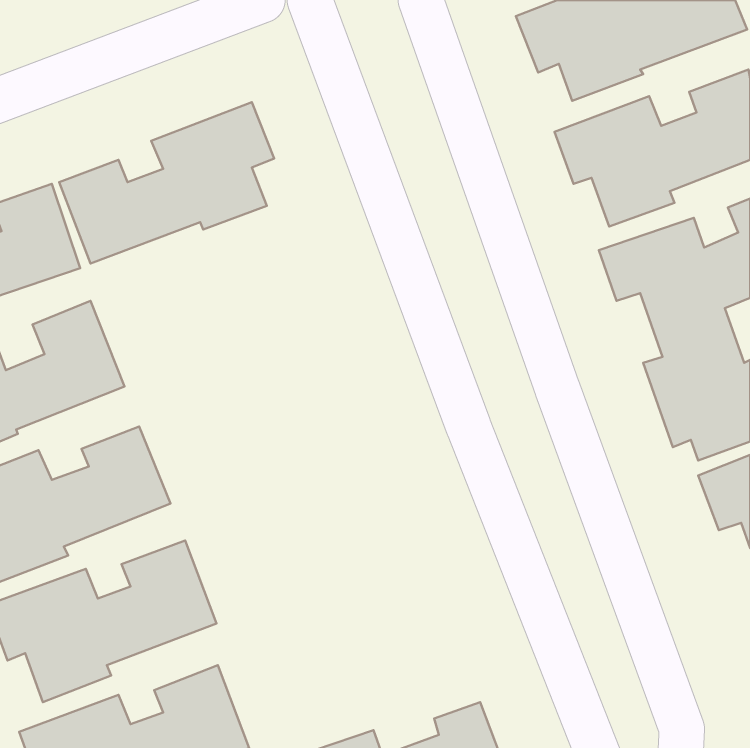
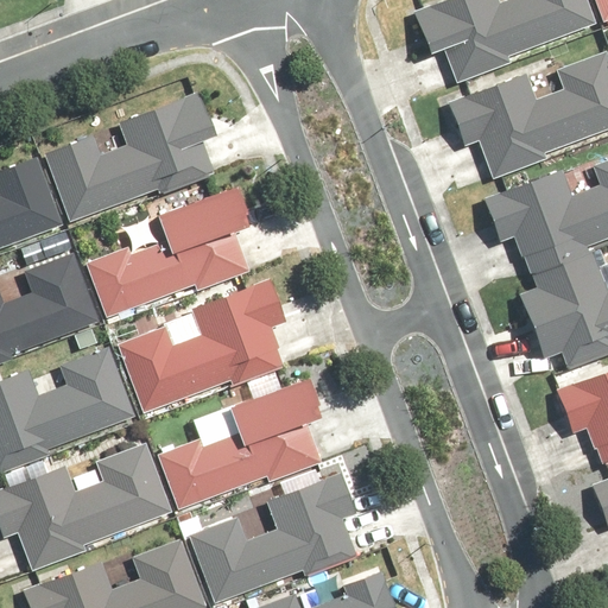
building: none -> [87,183,254,316]
building: none -> [124,278,289,408]
building: none -> [162,380,324,504]
building: none -> [191,473,360,600]

